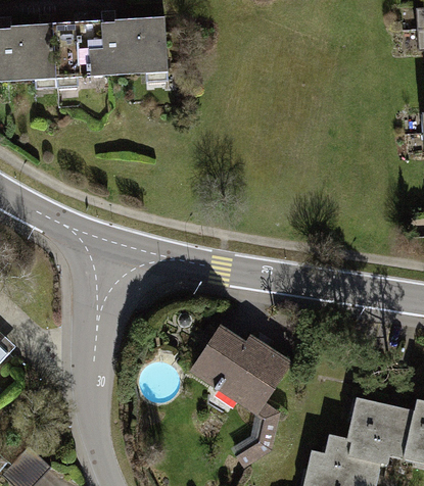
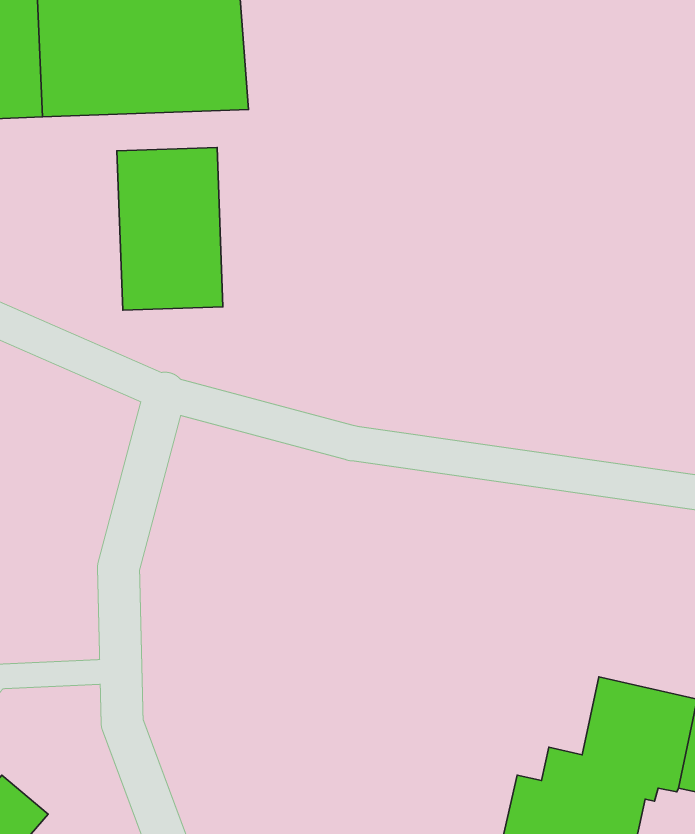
building: none -> [117,148,223,310]
building: [191,320,292,470] -> none

